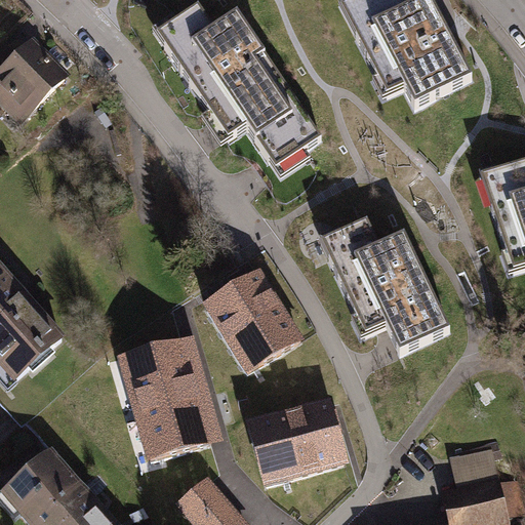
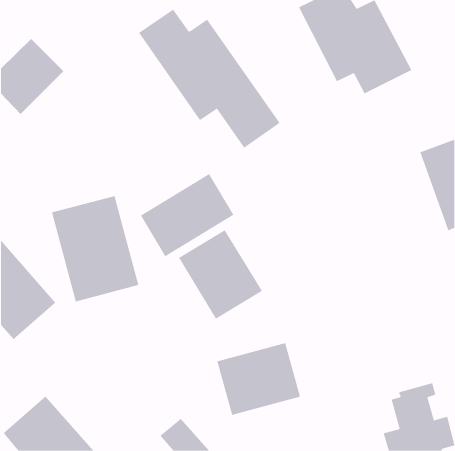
building: none -> [140,173,234,257]
building: [327,226,451,357] -> none
building: [120,331,221,454] -> [51,195,139,302]

